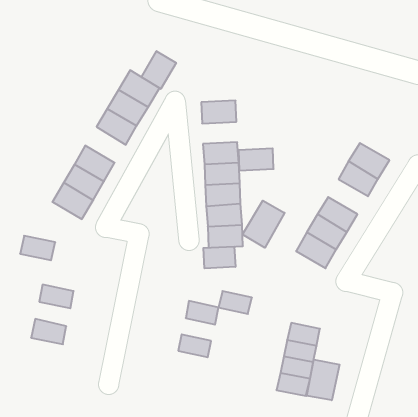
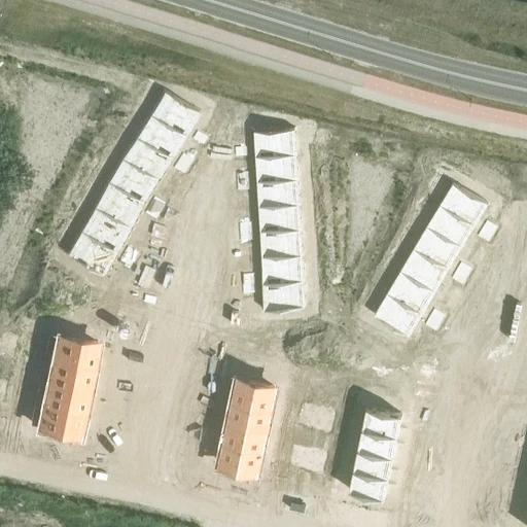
building: [141,51,176,89] -> none
building: none -> [107,161,159,206]
building: [238,148,274,170] -> [254,154,298,182]
building: none -> [413,226,463,271]
building: [243,201,285,248] -> none
building: [20,236,55,260] -> [54,337,98,367]
building: [203,247,235,268] -> none
building: [218,291,252,314] -> [229,401,271,430]
building: none -> [44,381,89,412]
building: none -> [220,443,261,472]
building: [307,360,340,400] -> none

